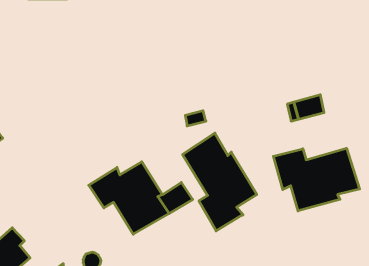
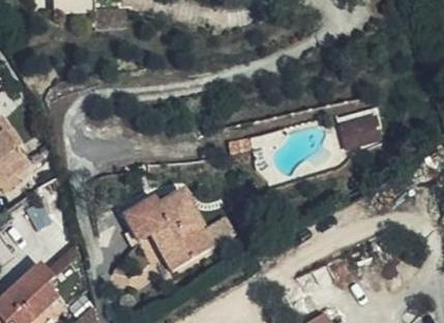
building: [183,133,257,231] -> none
building: [273,148,360,211] -> none

